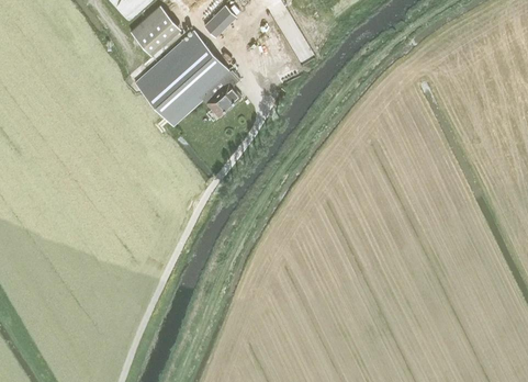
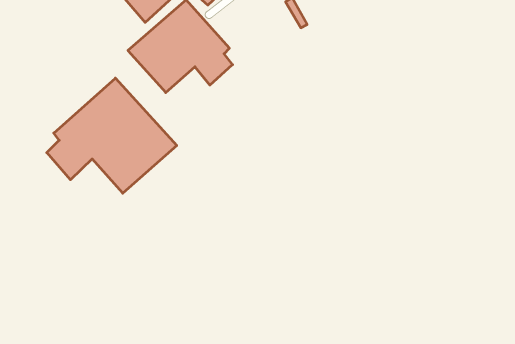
building: none -> [47,78,177,193]

